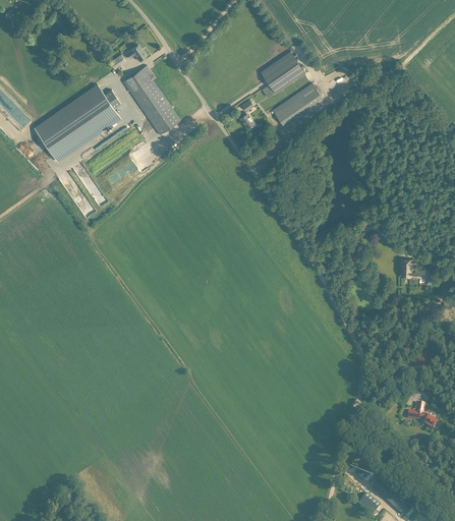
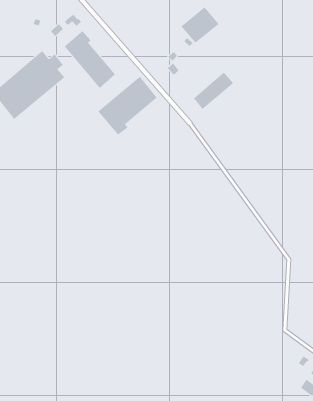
building: [273,82,322,124] -> [193,72,234,110]
building: none -> [98,76,157,136]

